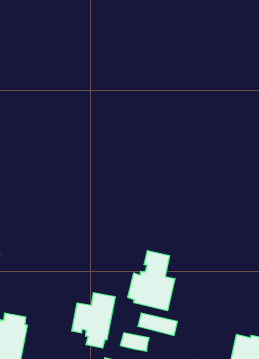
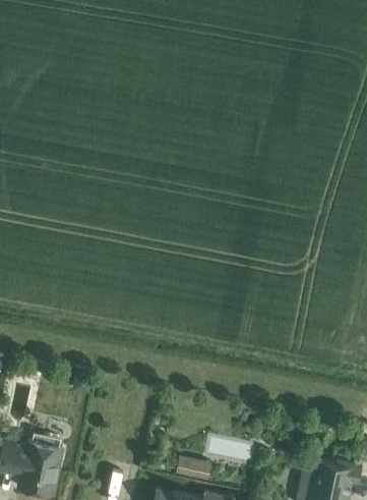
building: [128,250,175,311] -> none
building: [72,293,115,348] -> none

